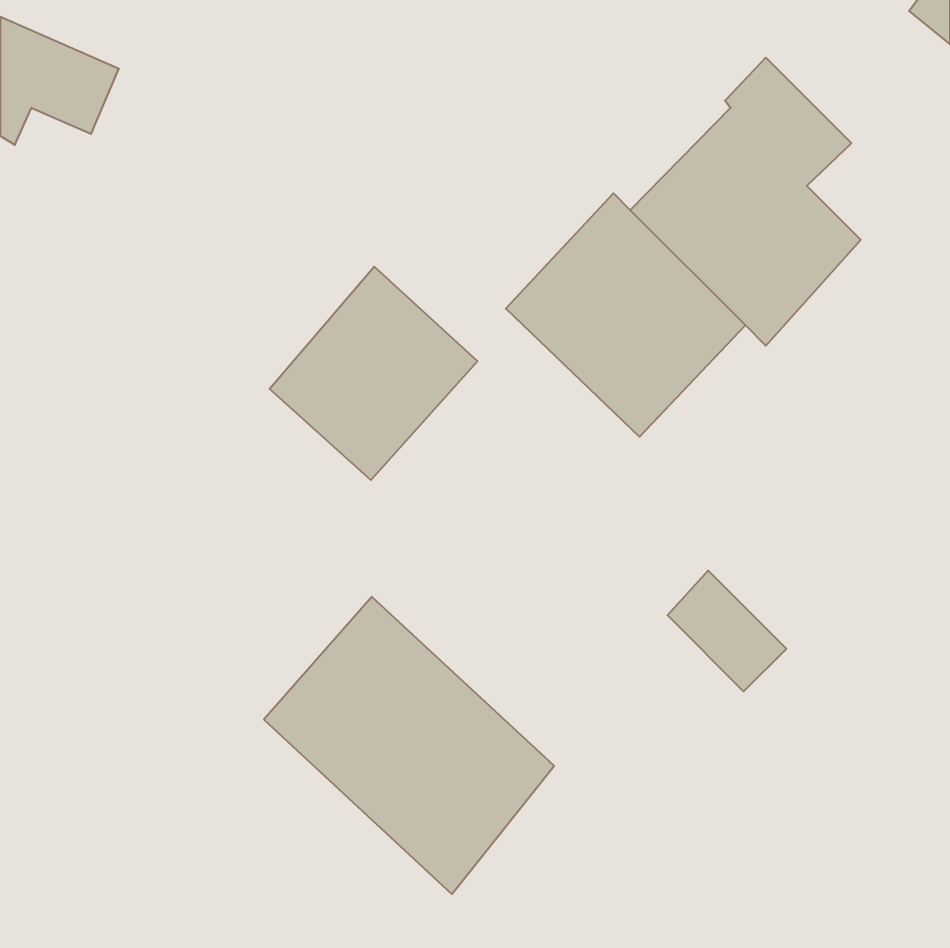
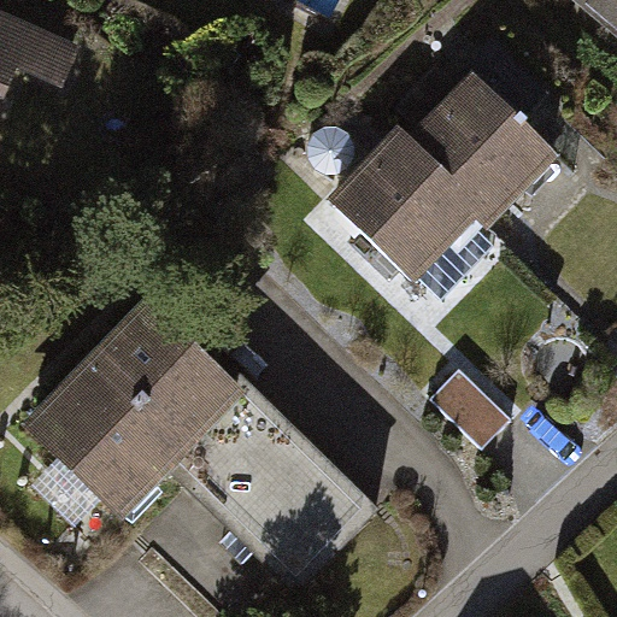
building: [270,267,477,480] -> none
building: none -> [19,306,241,519]

